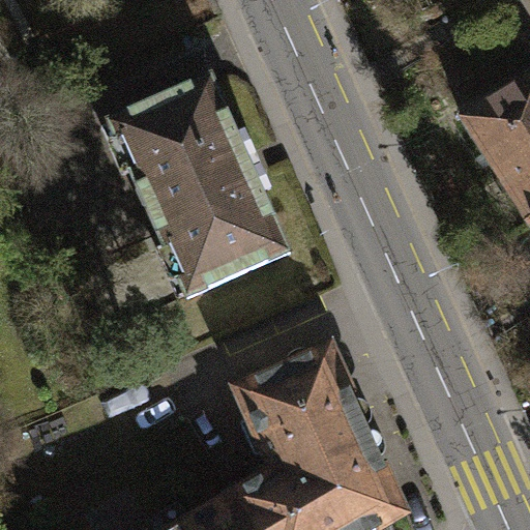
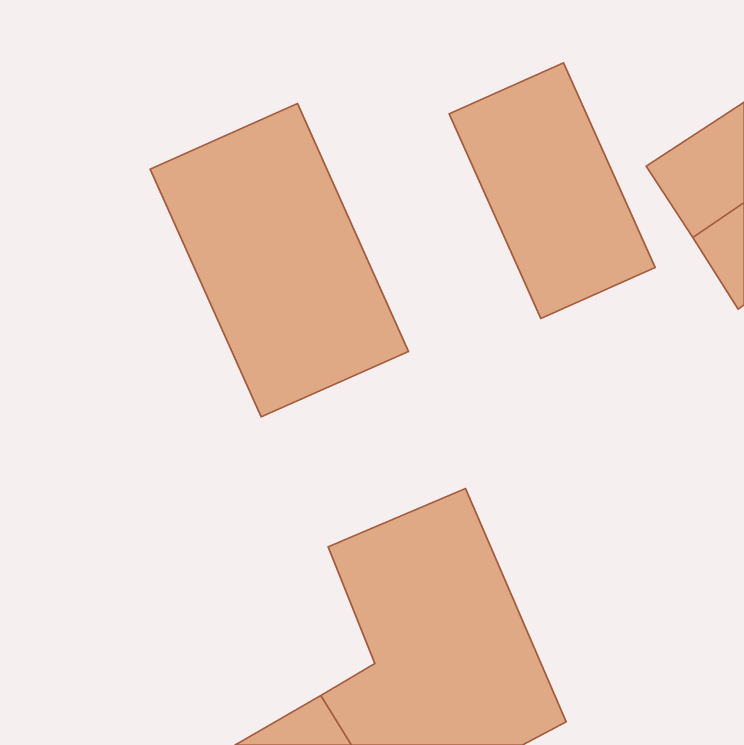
building: none -> [449,63,655,319]

